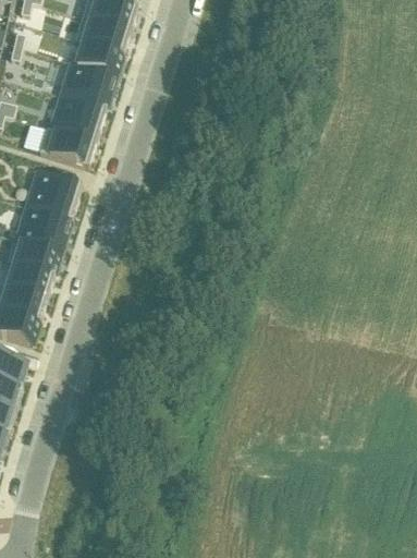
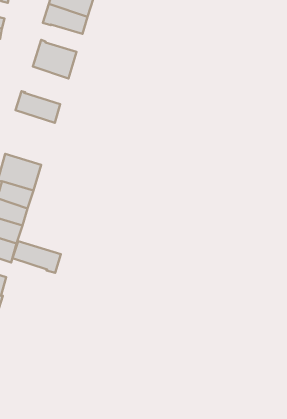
building: [77,41,124,76] -> none
building: [50,95,107,143] -> none
building: [26,171,83,220] -> none
building: none -> [12,241,61,273]

